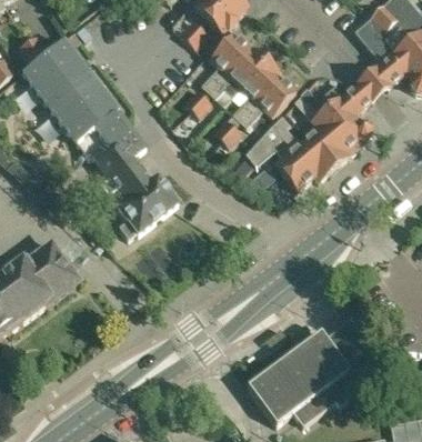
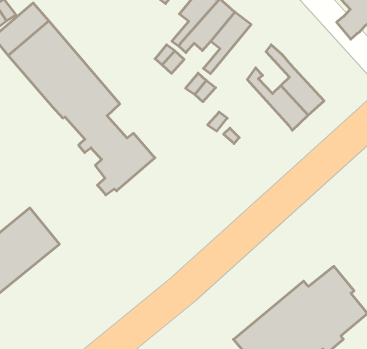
building: [238,72,294,125] -> none
building: [311,74,380,152] -> none
building: [247,127,313,188] -> none

